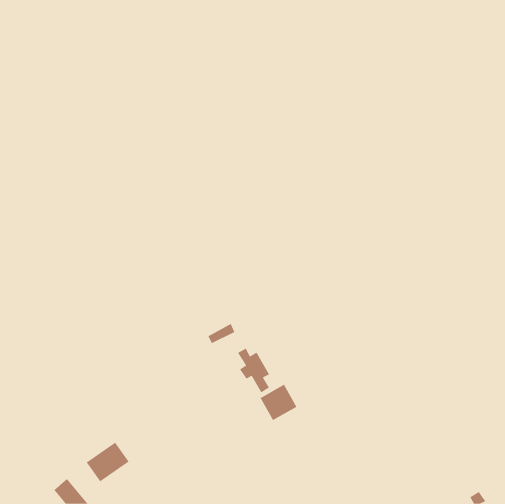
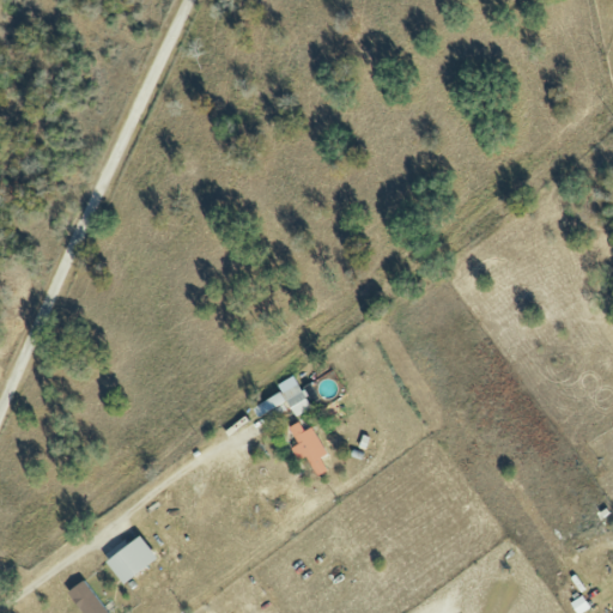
building: none -> [281,383,310,417]
building: [260,384,297,421] -> none

